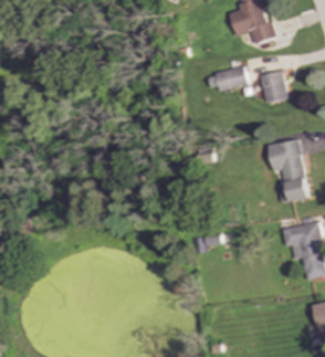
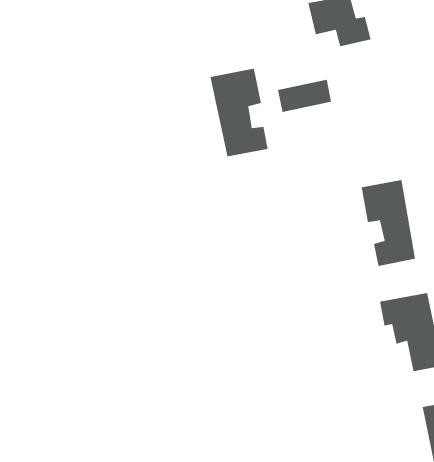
building: none -> [210,68,268,157]
building: [259,70,287,103] -> none

